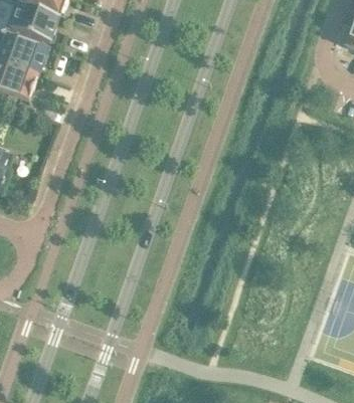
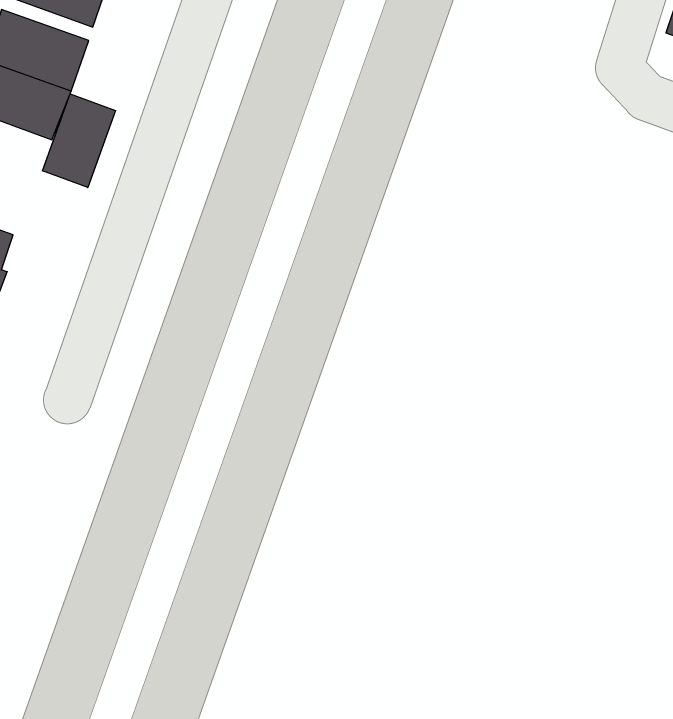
building: none -> [42,94,116,188]

